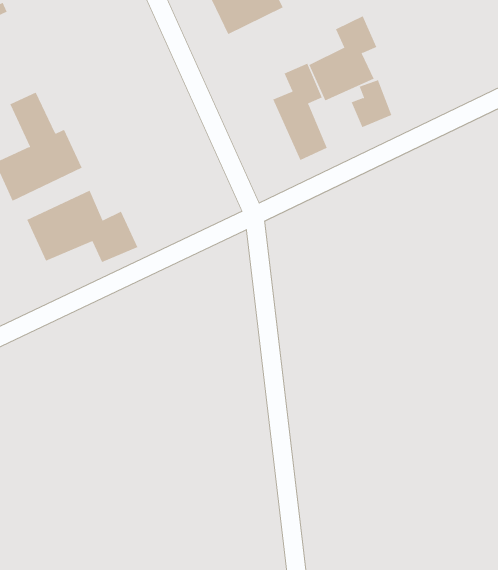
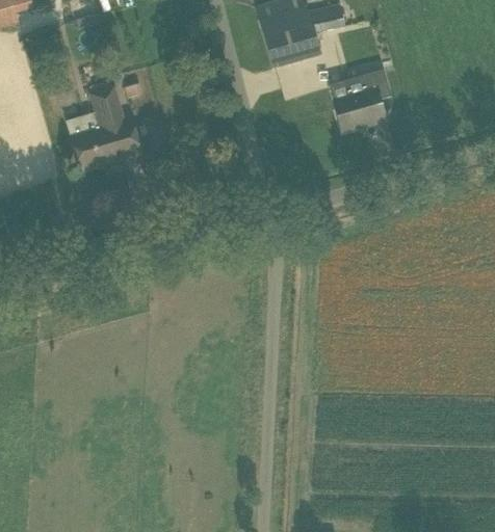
building: [272,63,327,161] -> none
building: [26,190,138,263] -> none

